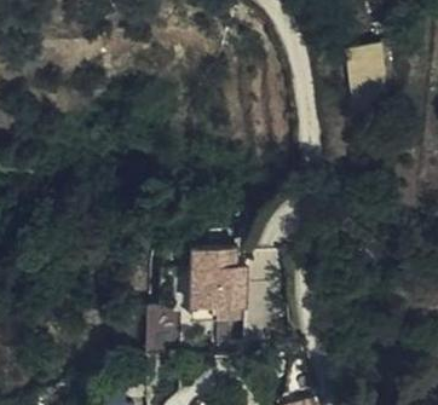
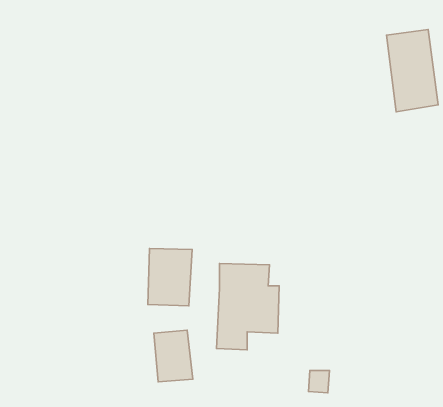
building: none -> [148,248,192,306]

